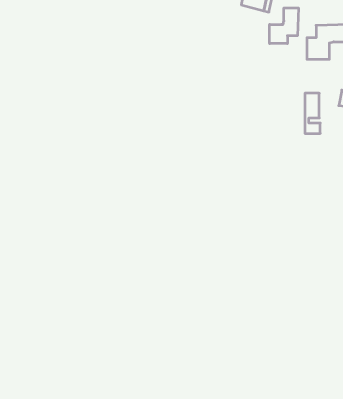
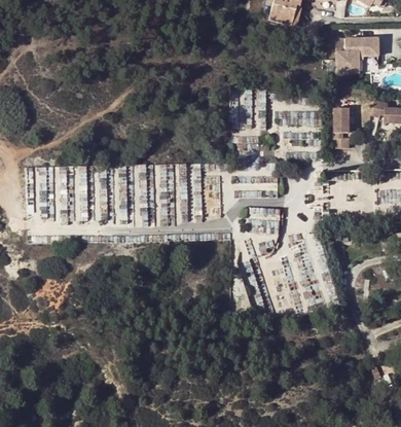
building: [270,8,298,44] -> none

